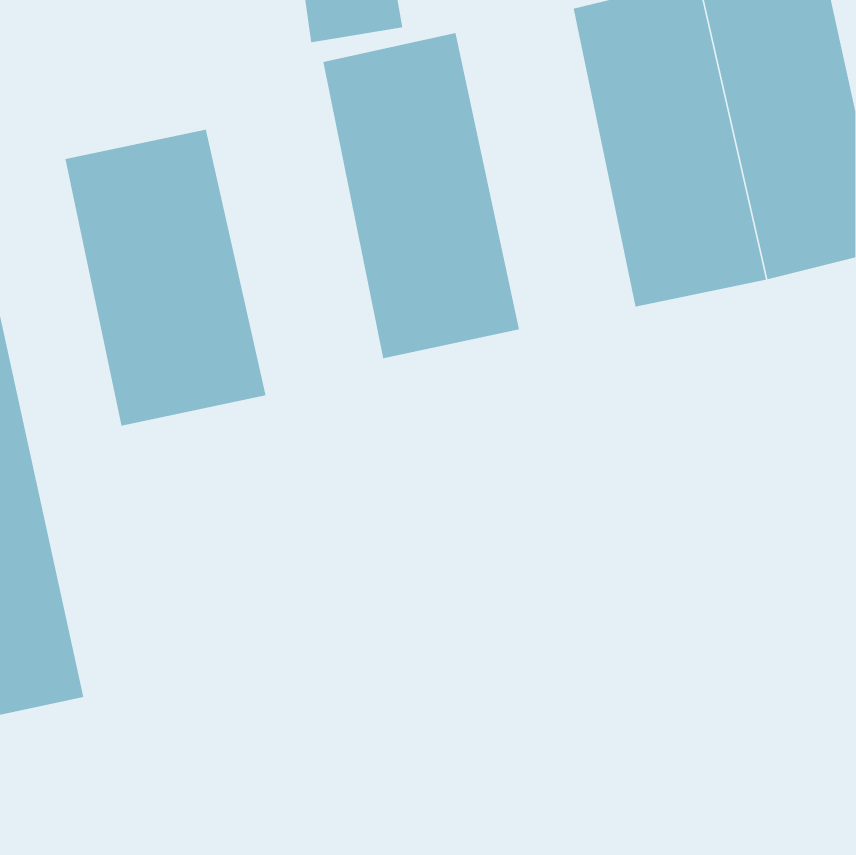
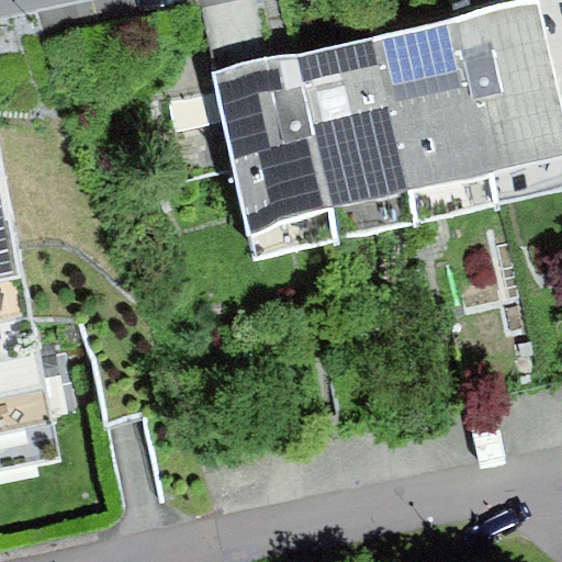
building: none -> [292,5,406,211]
building: [65,129,266,427] -> none

